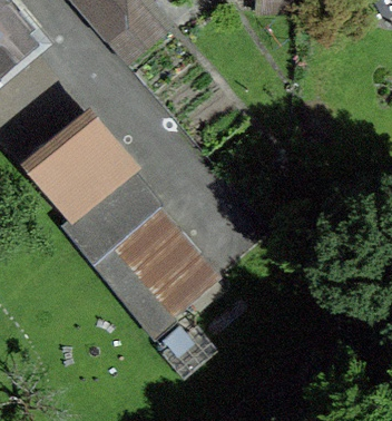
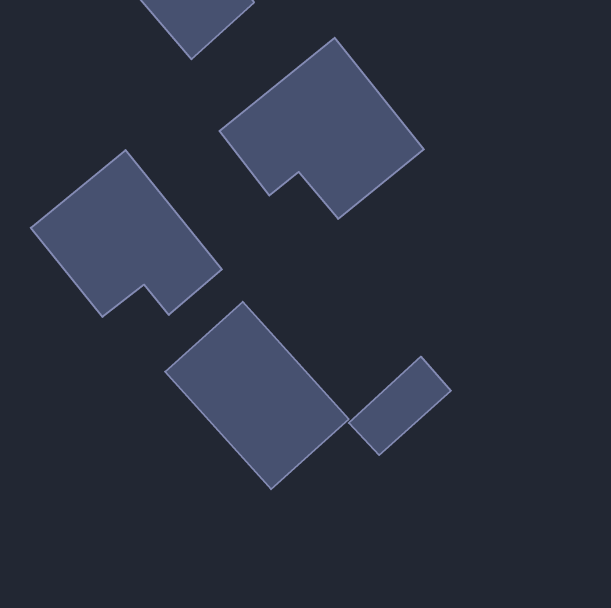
building: none -> [219,38,424,219]

